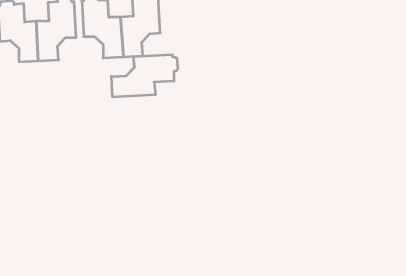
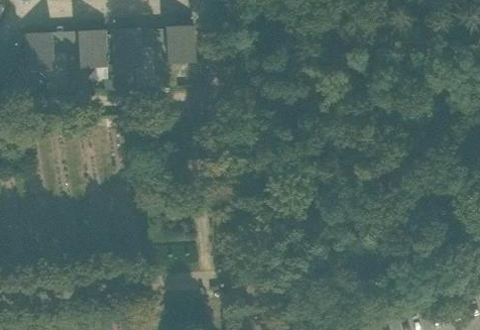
building: [111,55,178,97] -> none

